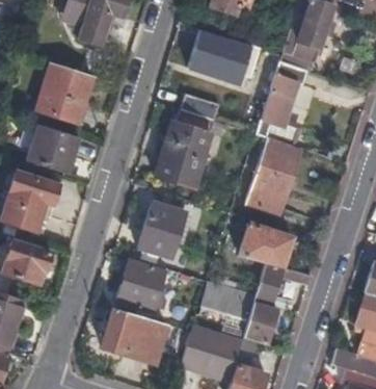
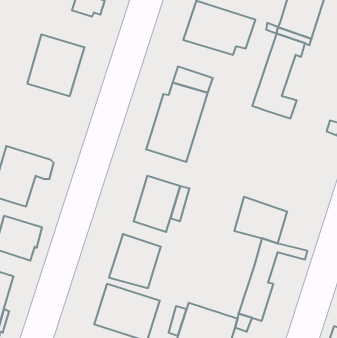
building: [28,126,78,172] -> none
building: [247,137,301,213] -> none
building: [203,285,235,315] -> none

